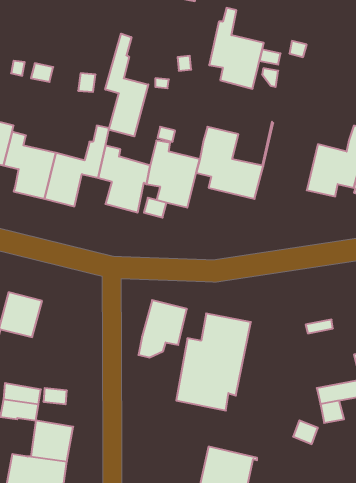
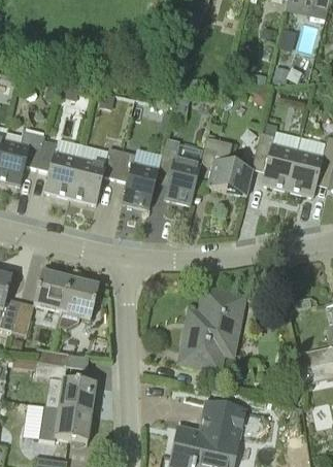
building: [209,8,264,89] -> [254,121,299,188]
building: [105,34,148,136] -> none
building: [138,300,187,357] -> [59,279,99,327]

